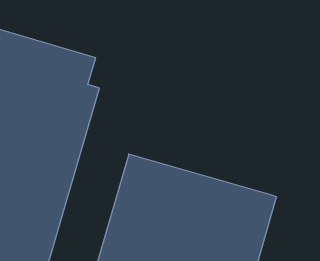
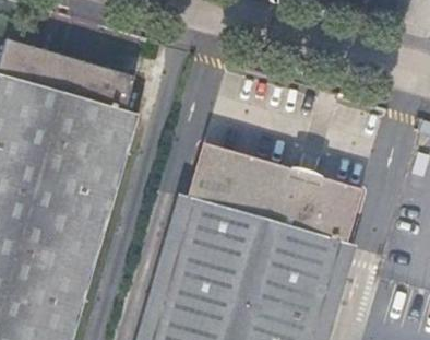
building: none -> [189,143,362,242]

